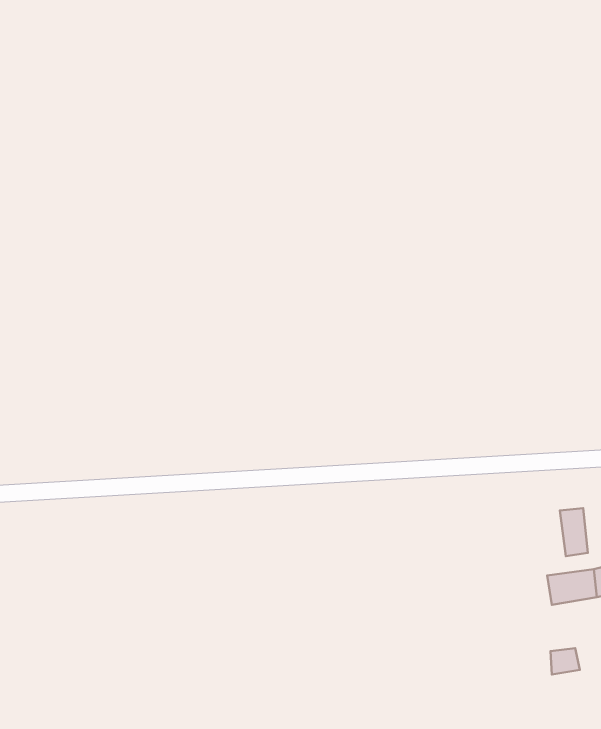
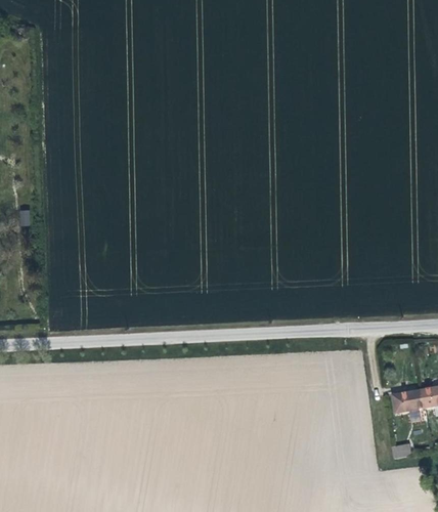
building: [560,508,588,556] -> none

